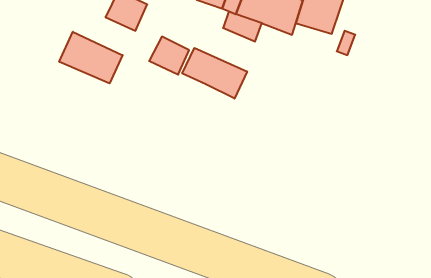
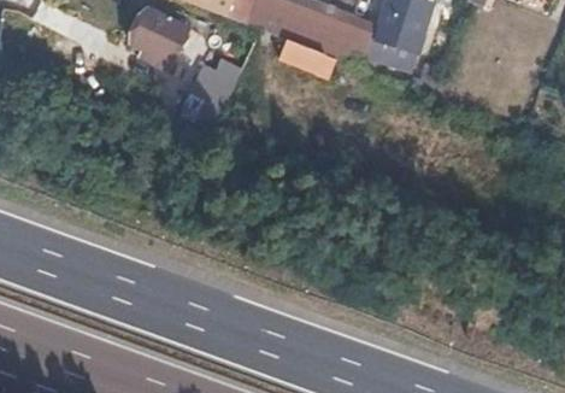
building: [59,32,123,83] -> none
building: [182,48,247,99] -> none

